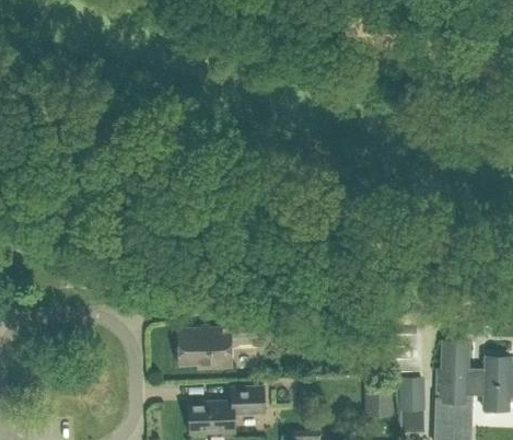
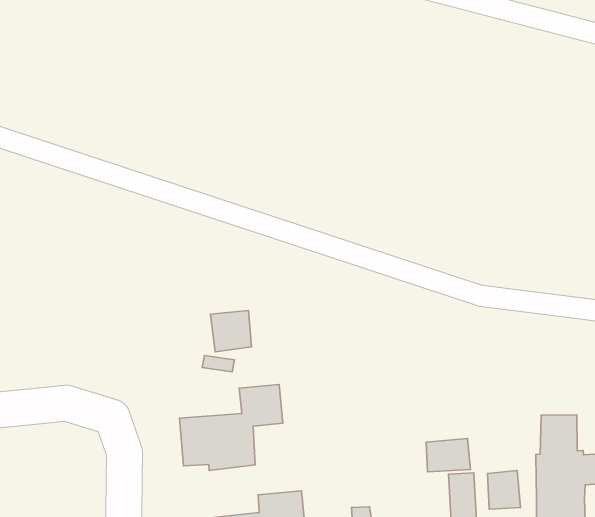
building: none -> [210,311,251,352]
building: none -> [426,439,470,472]

